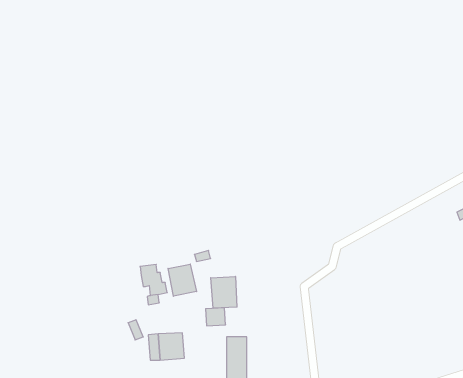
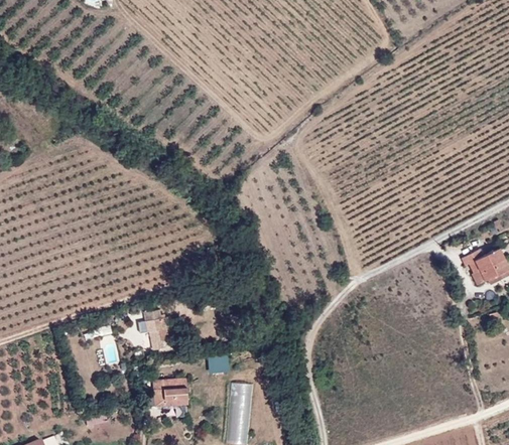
building: [168,264,197,296] -> none
building: [211,276,237,308] -> none

